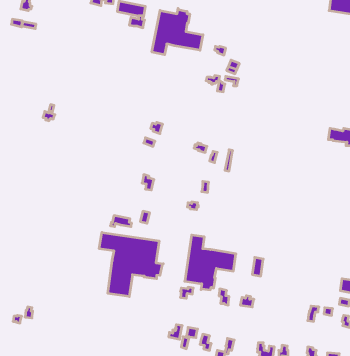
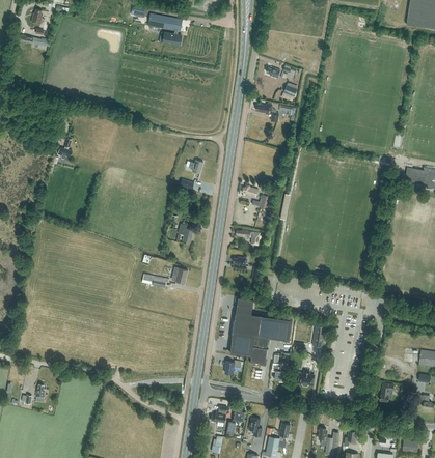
building: [152,8,203,55] -> none
building: [99,232,163,297] -> none

